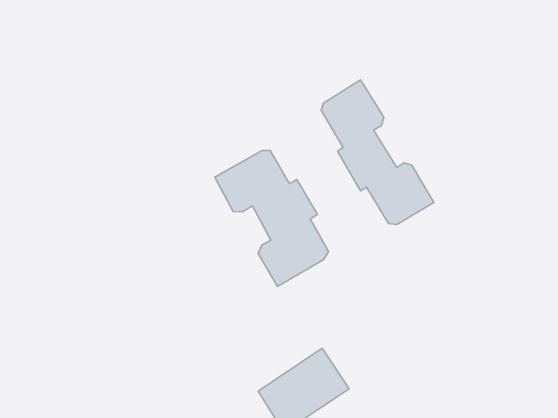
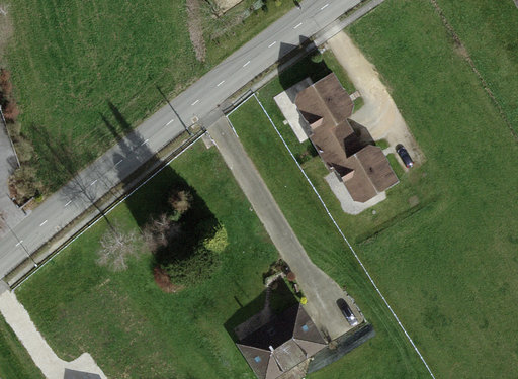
building: [215,150,328,287] -> none

